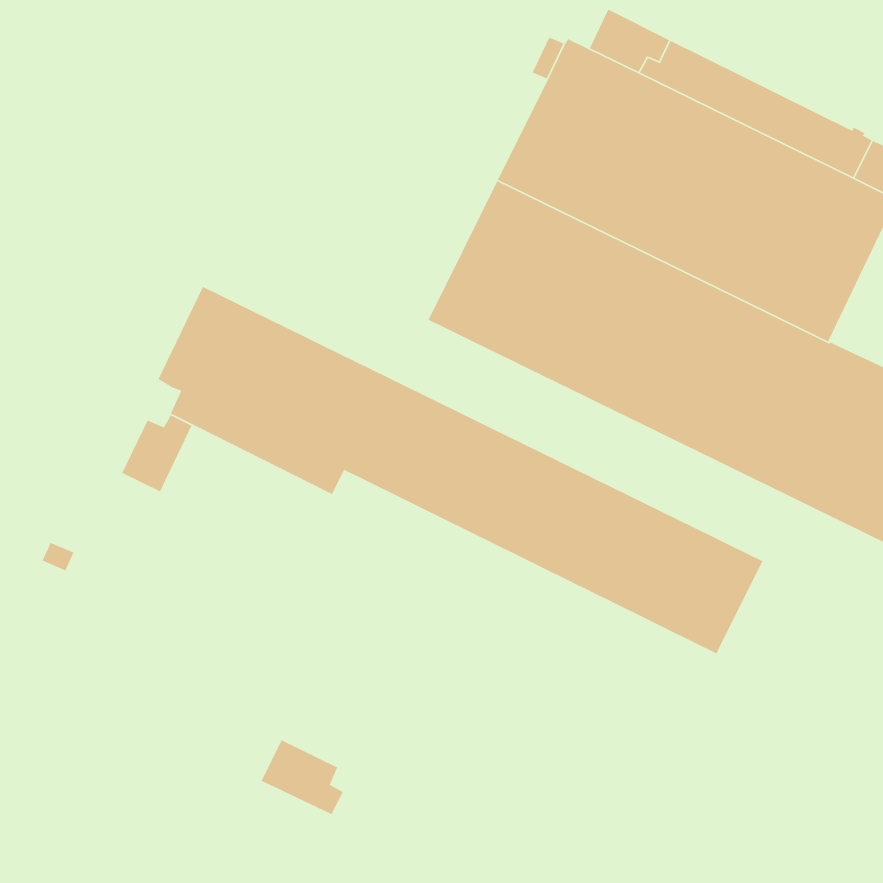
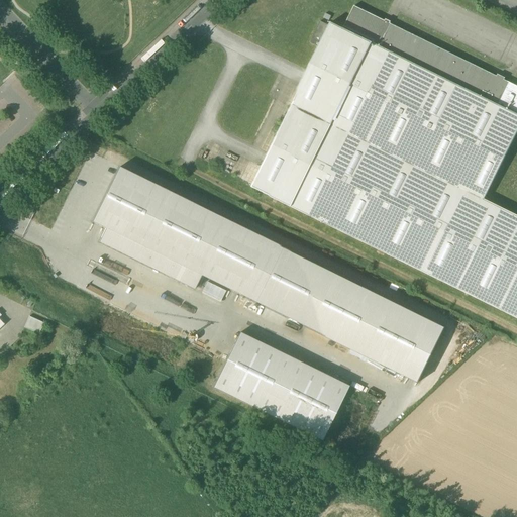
building: [121,414,192,493] -> none
building: none -> [214,332,349,440]
building: [260,739,344,815] -> none

